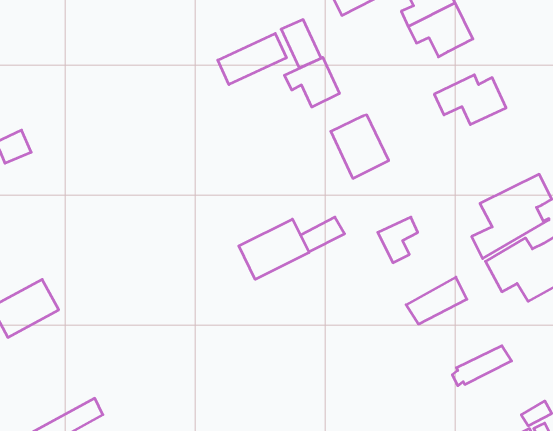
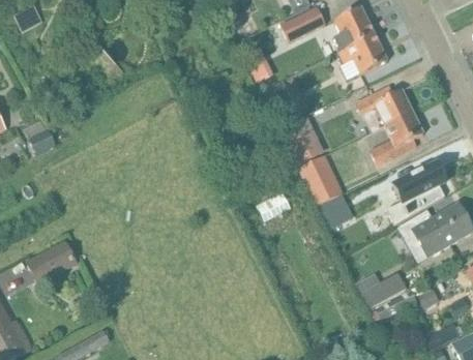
building: [218,33,286,85] -> none
building: [284,57,339,107] -> none
building: none -> [371,112,423,163]
building: none -> [297,154,344,206]
building: [239,219,309,279] -> none
building: [406,277,467,324] -> [360,271,406,306]

